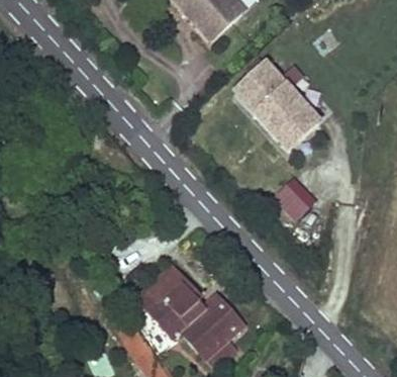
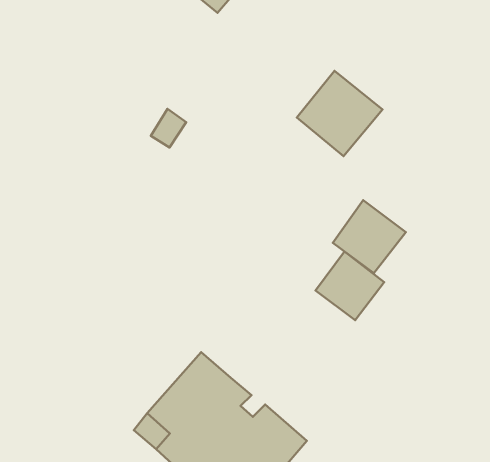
building: [239,64,288,112] -> none
building: none -> [315,251,384,320]

